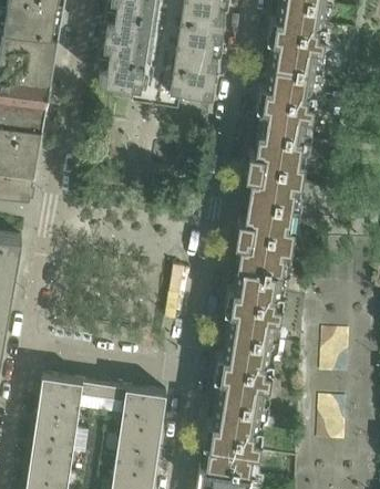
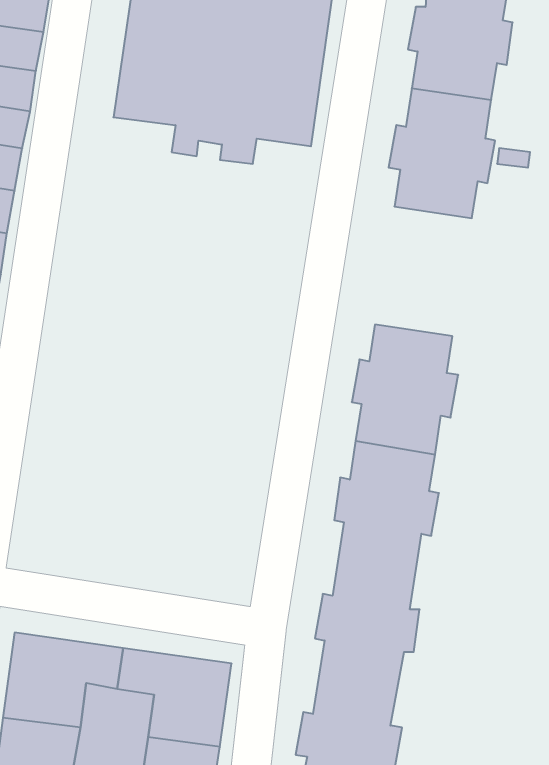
building: [247,129,307,204] -> none

